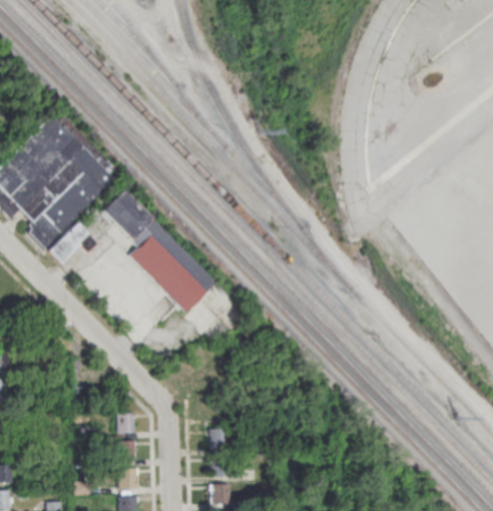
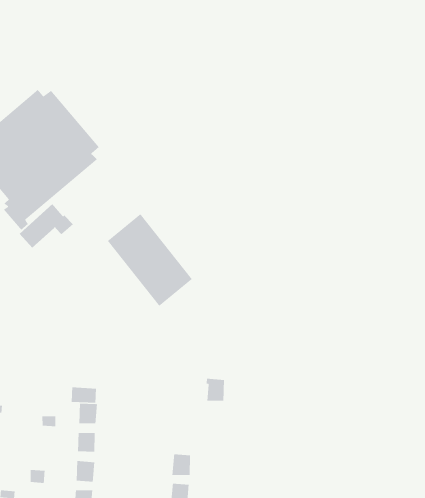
building: [102,191,152,240] -> none
building: none -> [71,386,97,403]
building: [208,427,227,449] -> [206,378,225,401]

